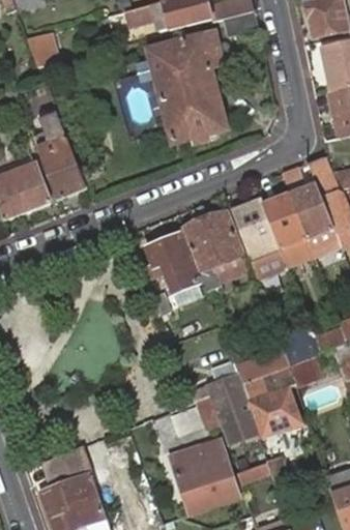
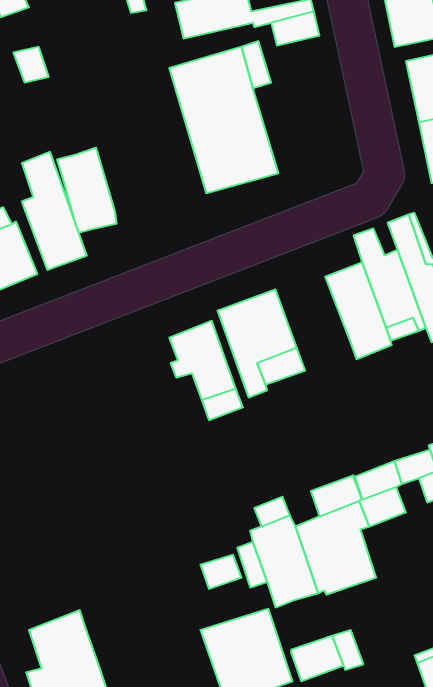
building: none -> [57,148,117,233]
building: [231,198,280,262] -> none

